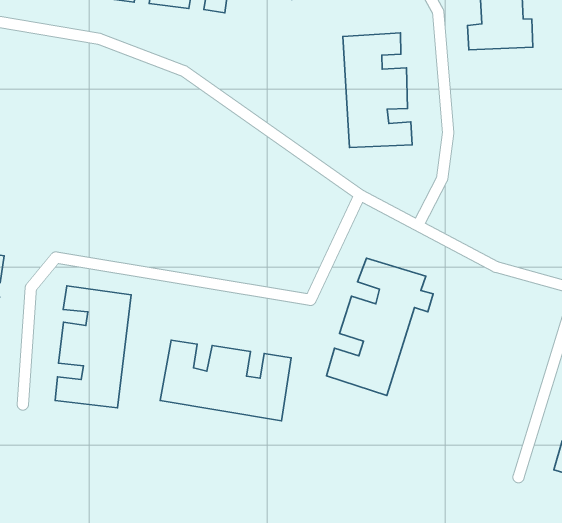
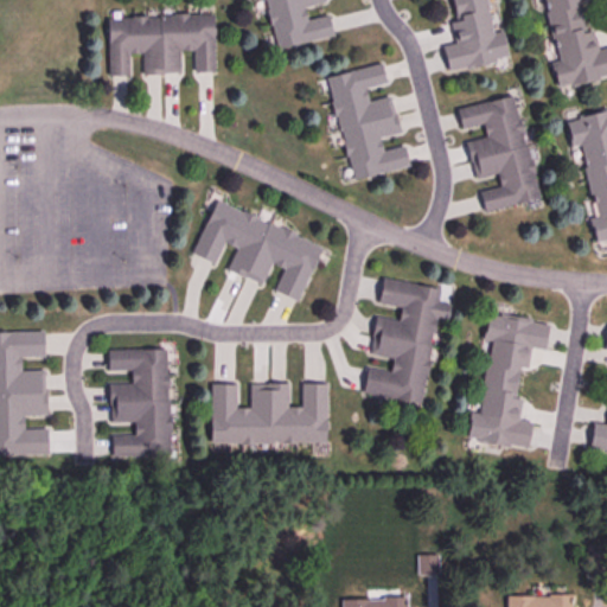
building: none -> [458,95,539,210]
building: none -> [193,202,322,301]
building: none -> [468,315,550,449]

